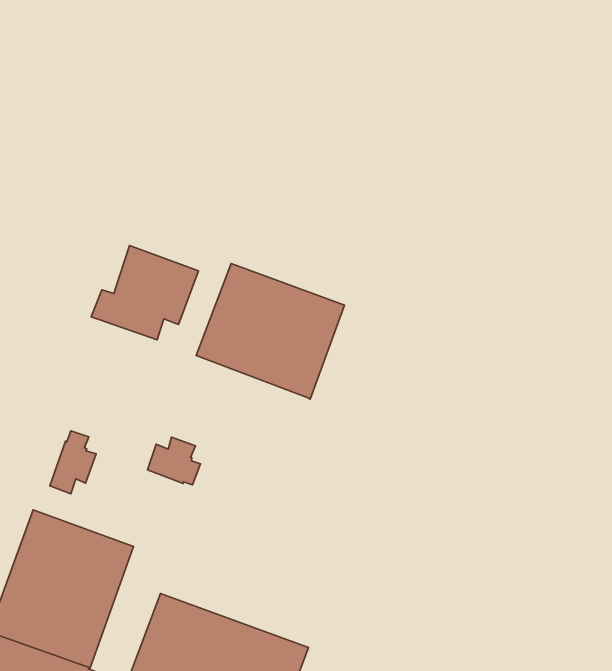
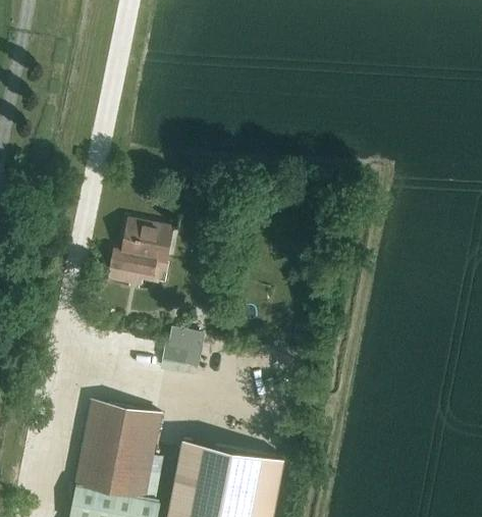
building: [196,264,345,399] -> none
building: [50,431,96,494] -> none

